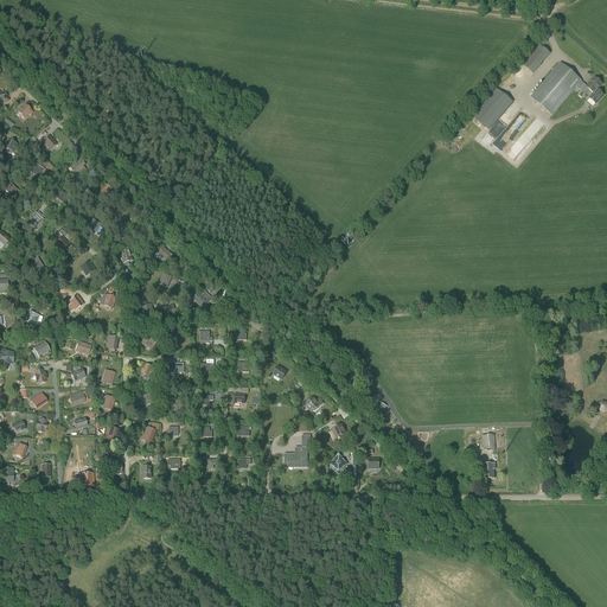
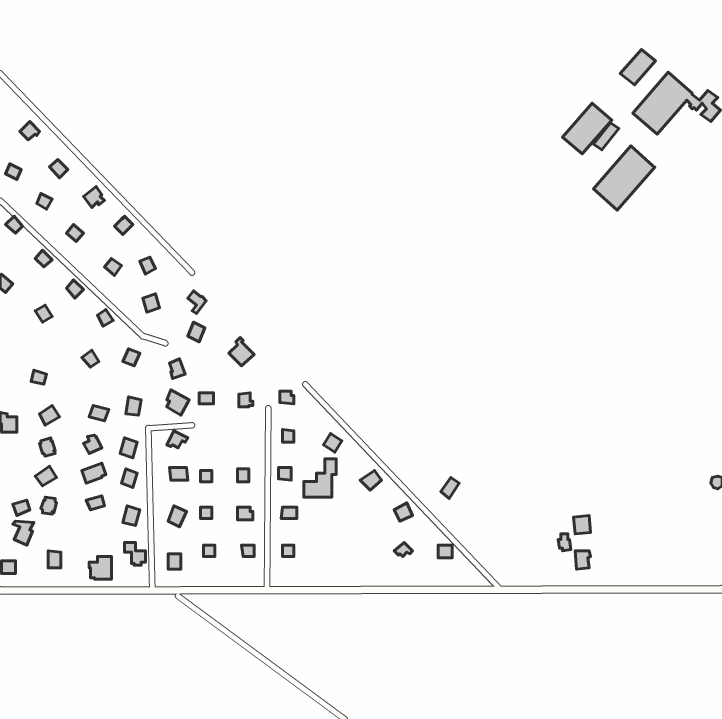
building: none -> [593,146,655,210]
building: [283,434,311,466] -> [304,459,336,497]

